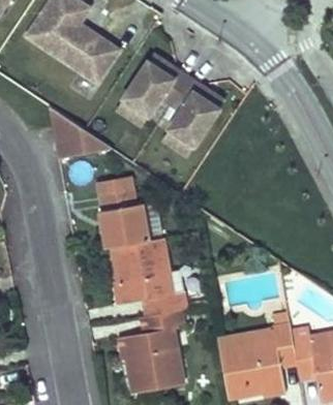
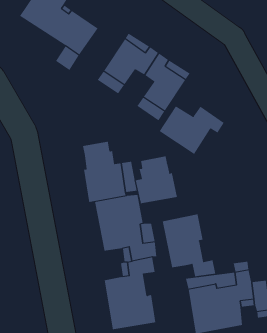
building: none -> [159,105,225,155]
building: none -> [135,155,178,204]
building: none -> [162,214,216,277]

